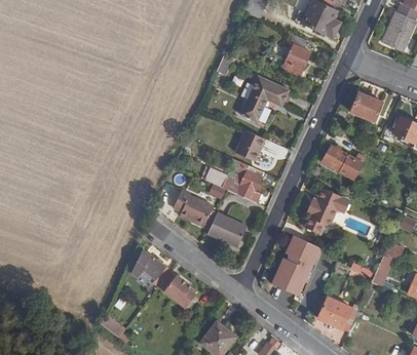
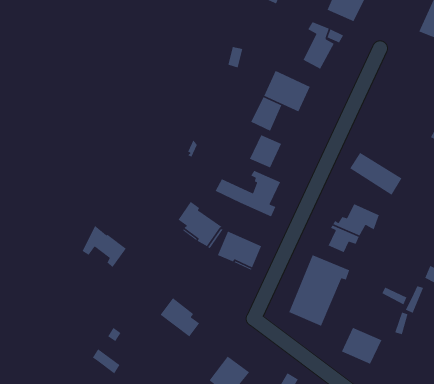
building: [351,92,382,121] -> none
building: [131,250,170,287] -> [82,225,127,268]

